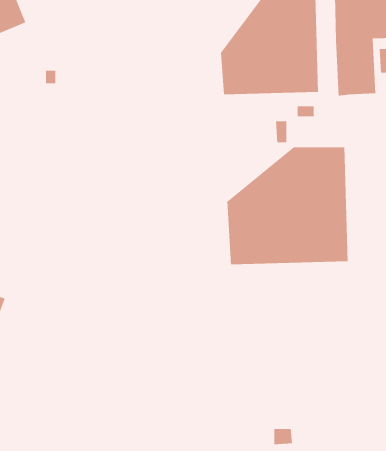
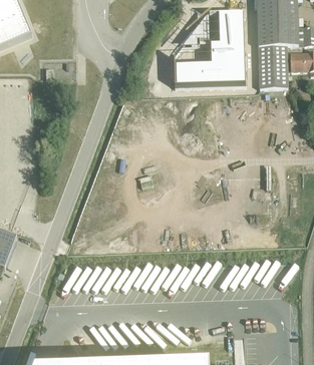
building: [227,147,348,265] -> none

